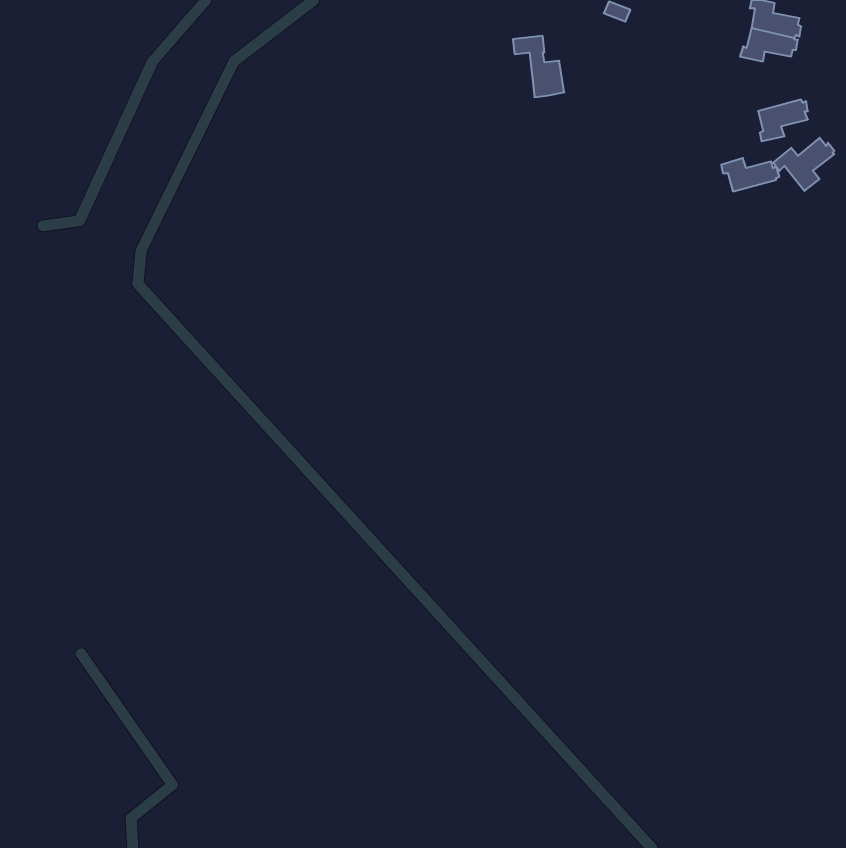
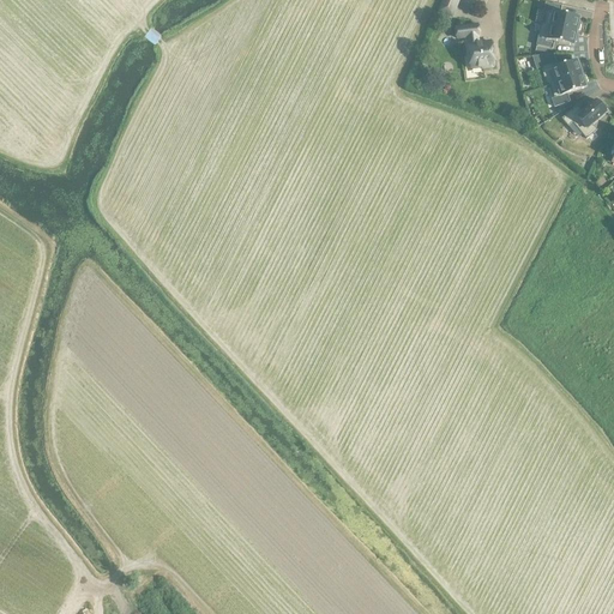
building: [513,36,564,97] -> [455,25,492,70]
building: [721,158,779,191] -> [540,56,582,80]

